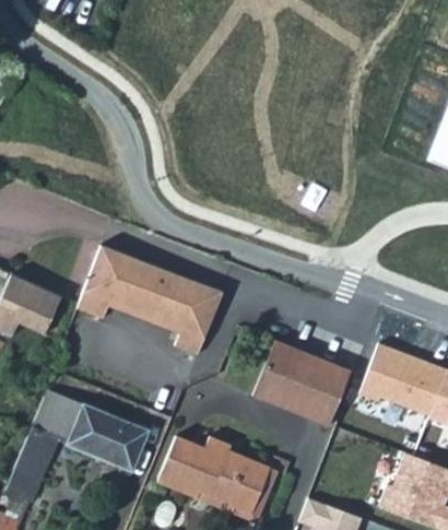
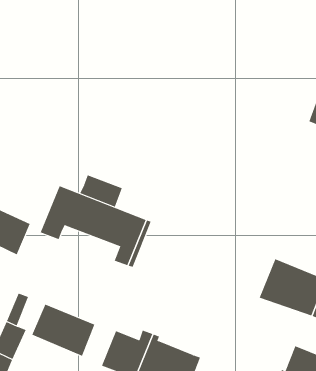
building: none -> [79,175,122,207]
building: [251,341,350,425] -> none
building: [46,393,82,440] -> none

